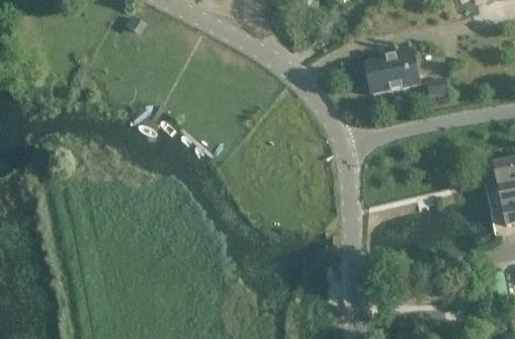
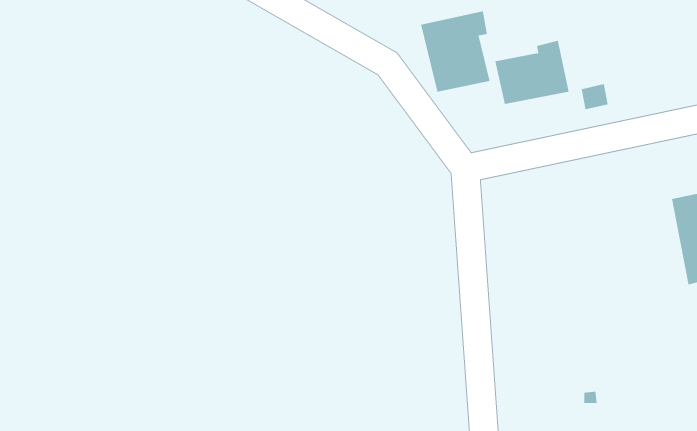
building: none -> [421,10,490,92]

